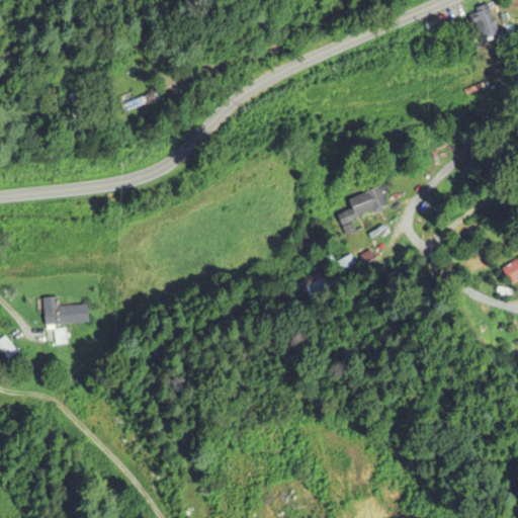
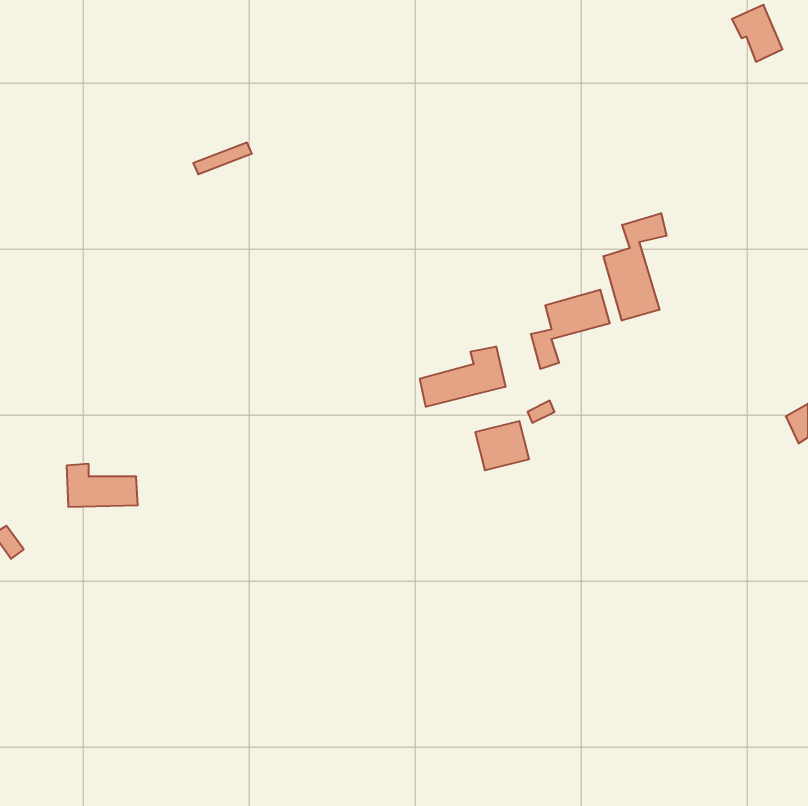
building: none -> [603,213,667,321]
building: none -> [420,346,505,407]

